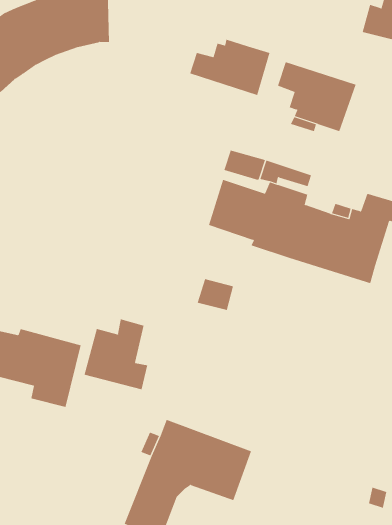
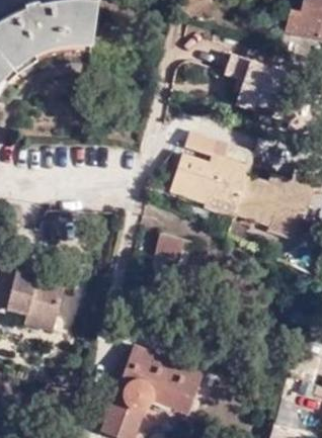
building: [190,39,270,96] -> none
building: [84,319,148,390] -> none

